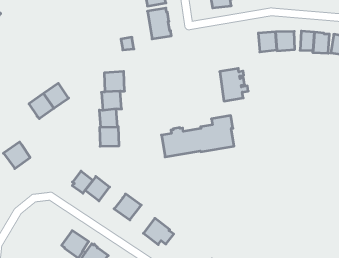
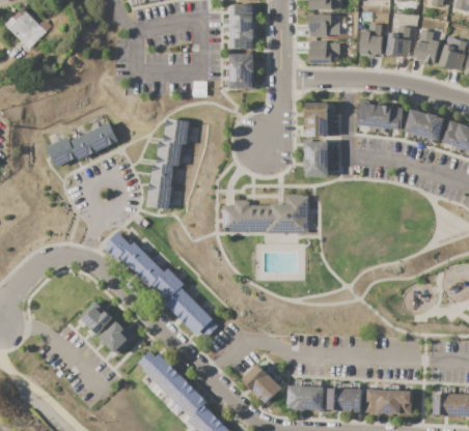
building: none -> [304,102,333,136]
building: [3,142,30,169] -> [45,136,76,167]
building: none -> [133,256,162,286]
building: none -> [164,286,196,318]

